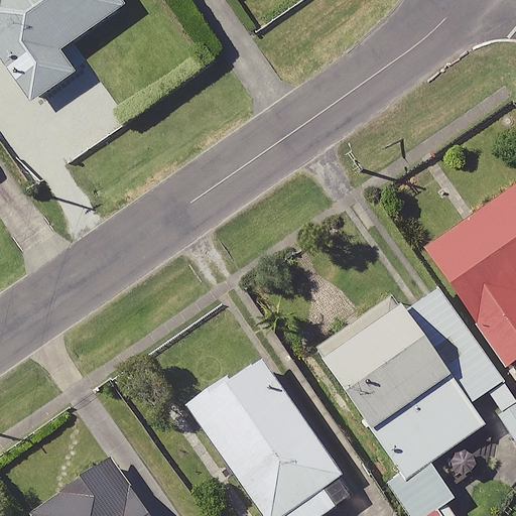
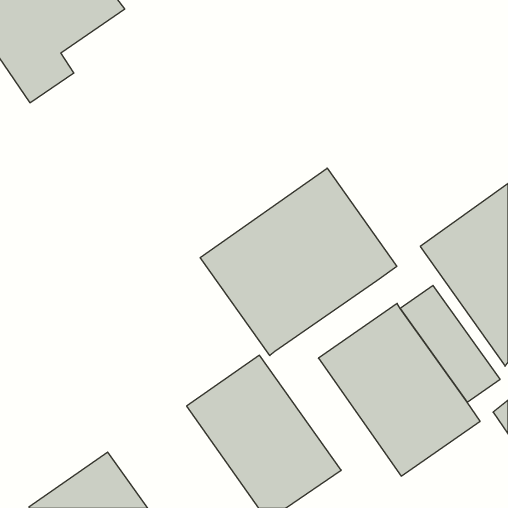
building: none -> [200,168,397,356]

